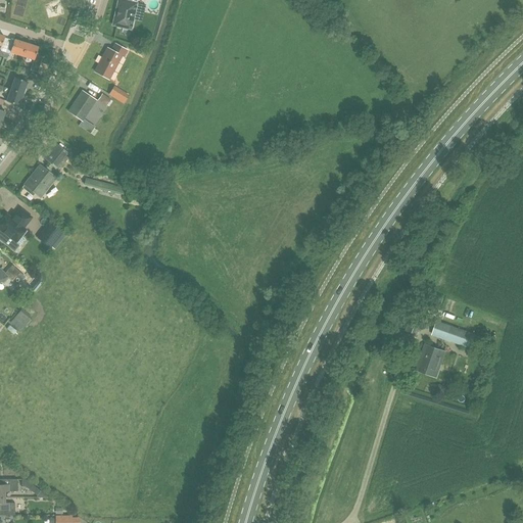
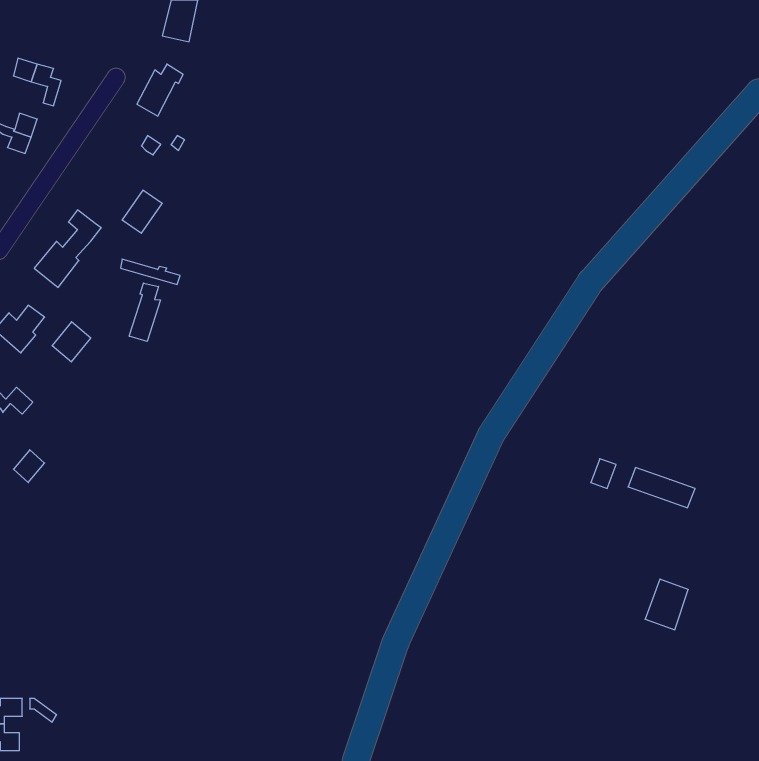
building: [67,91,95,121] -> [122,190,162,233]
building: none -> [129,283,160,341]
building: [414,344,443,379] -> [645,579,688,630]

